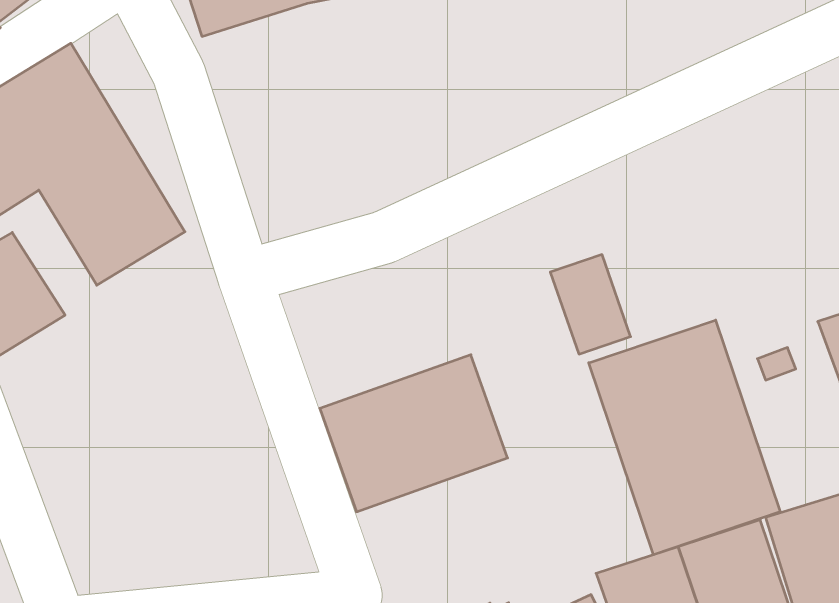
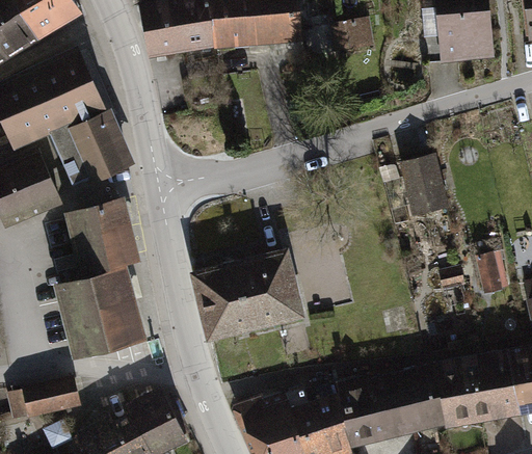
building: [550,255,631,354] -> [404,160,445,214]
building: none -> [61,206,141,356]
building: [589,320,780,555] -> none

